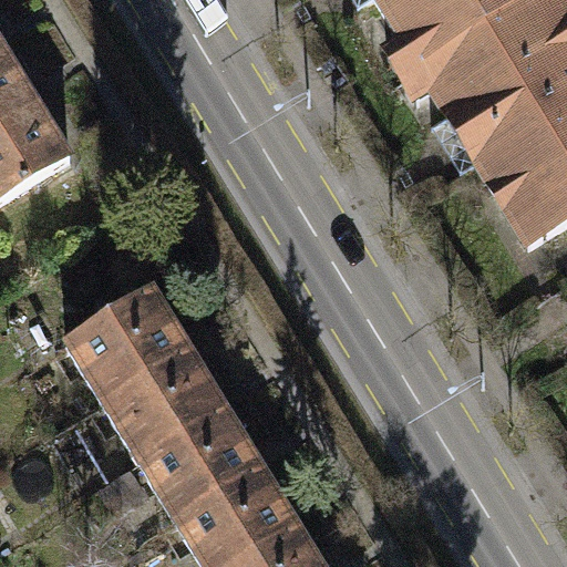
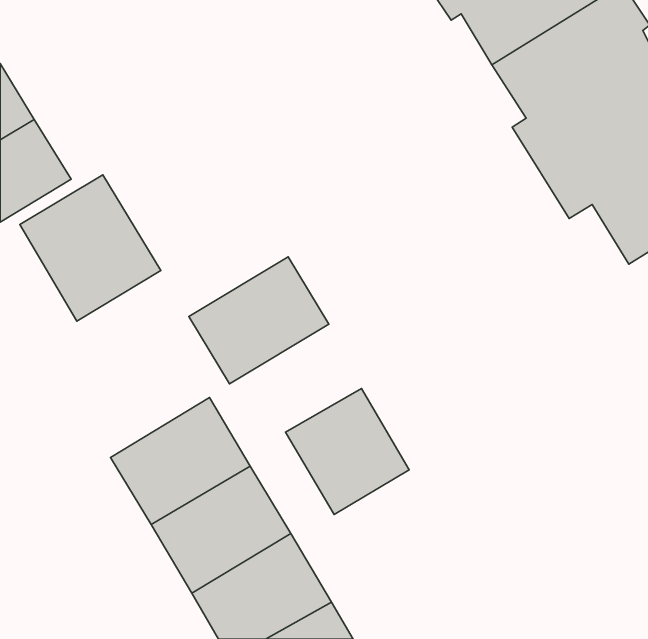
building: none -> [20,175,161,321]
building: [62,288,184,399] -> [189,257,329,384]
building: none -> [285,388,409,515]

